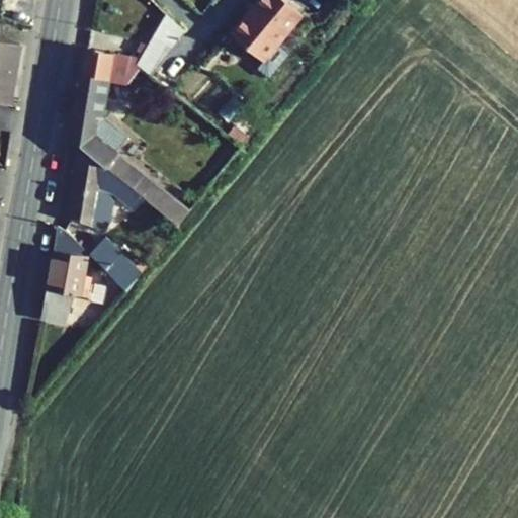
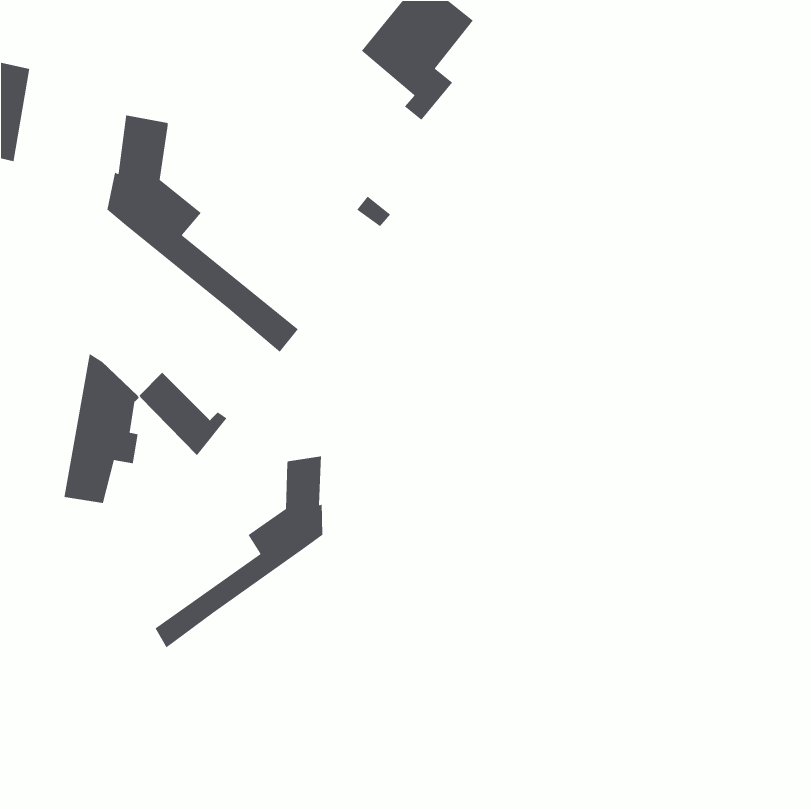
building: [81,15,185,86] -> none
building: [70,146,146,230] -> none
building: none -> [155,456,323,649]

